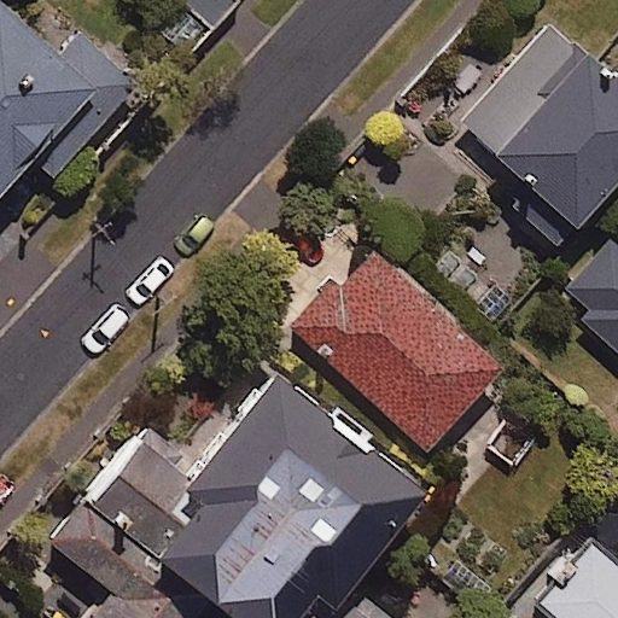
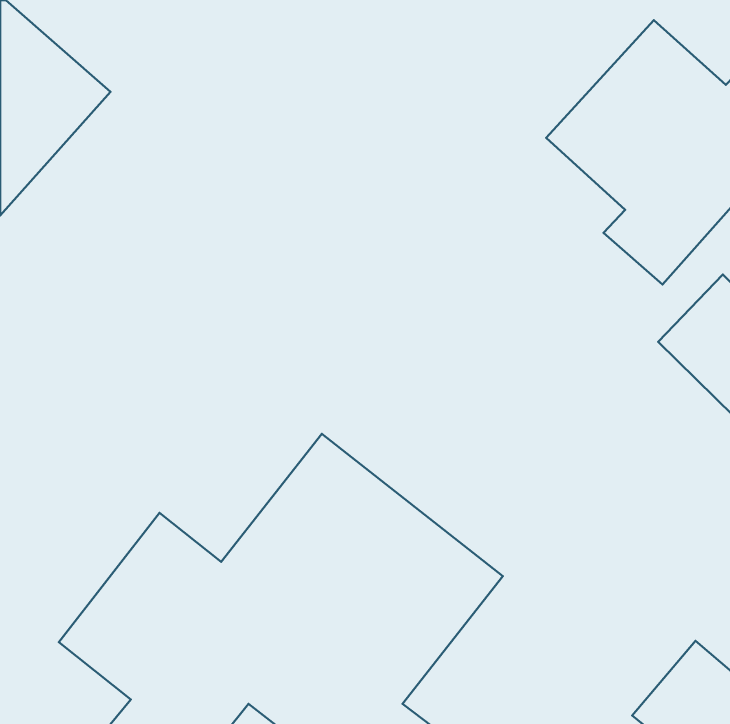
building: [297,247,505,451] -> none

